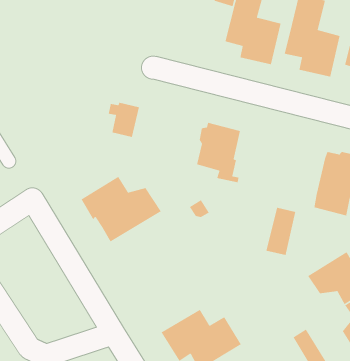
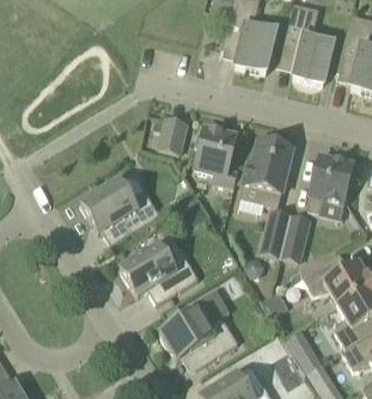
building: [108,102,140,138] -> [154,117,185,152]
building: none -> [240,139,292,205]
building: none -> [280,213,310,260]
building: none -> [118,241,197,302]

